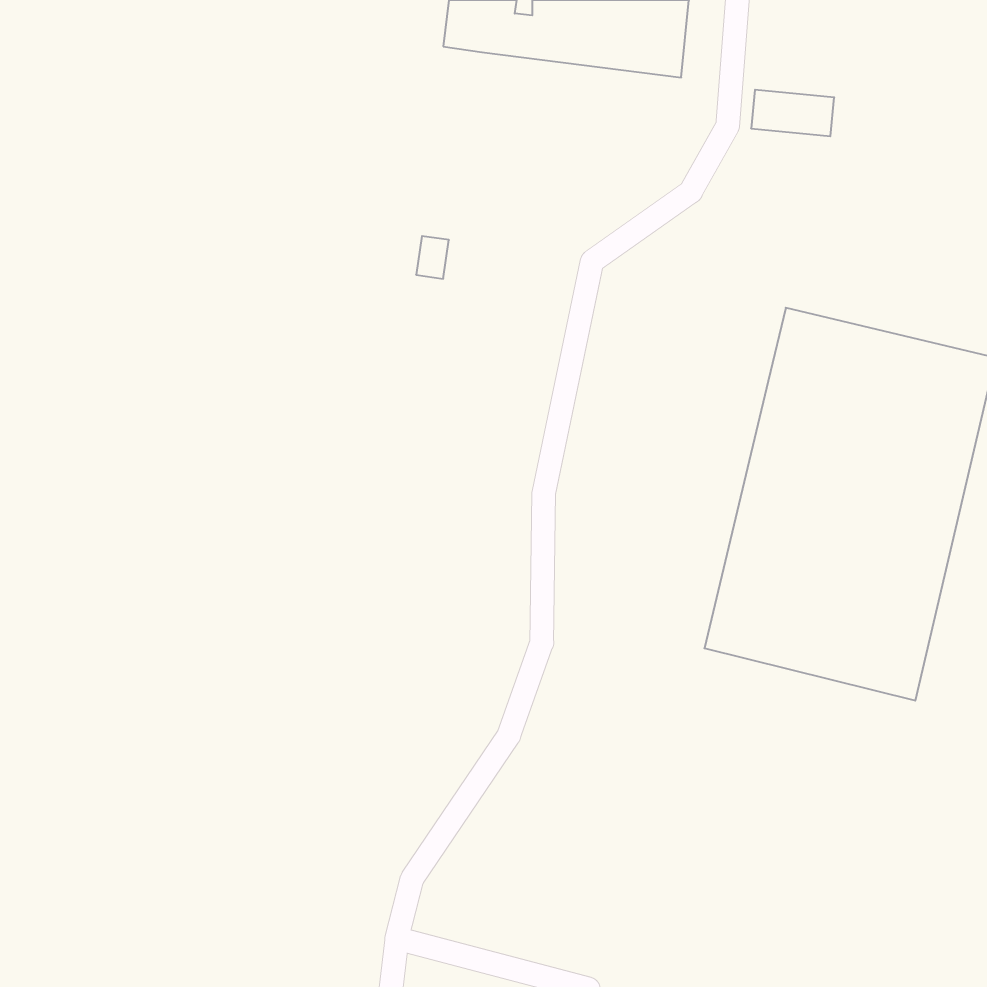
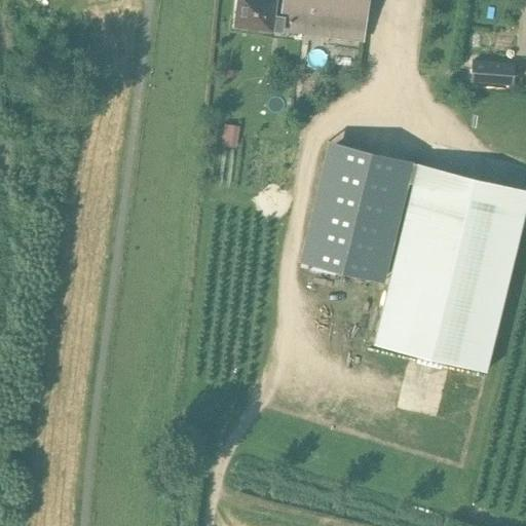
building: [751,90,834,136] -> [472,62,516,86]
building: none -> [300,142,415,284]

